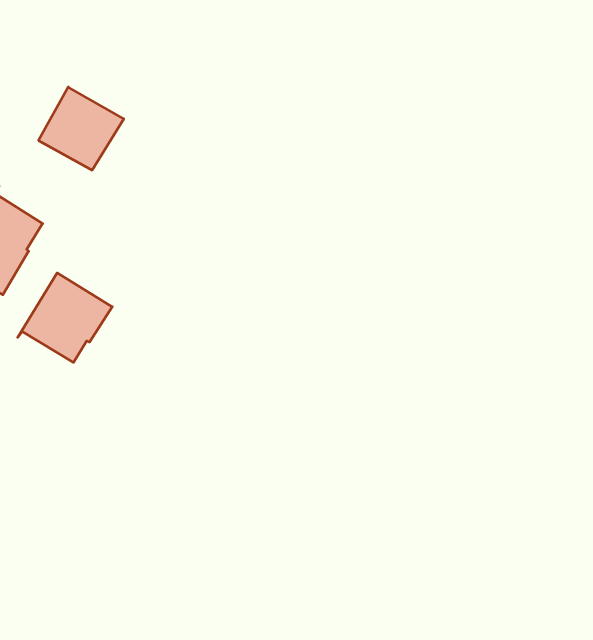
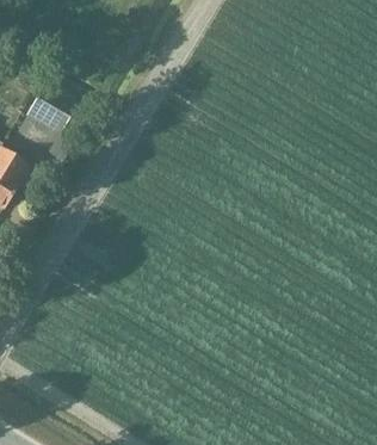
building: [18,273,112,362] -> none

